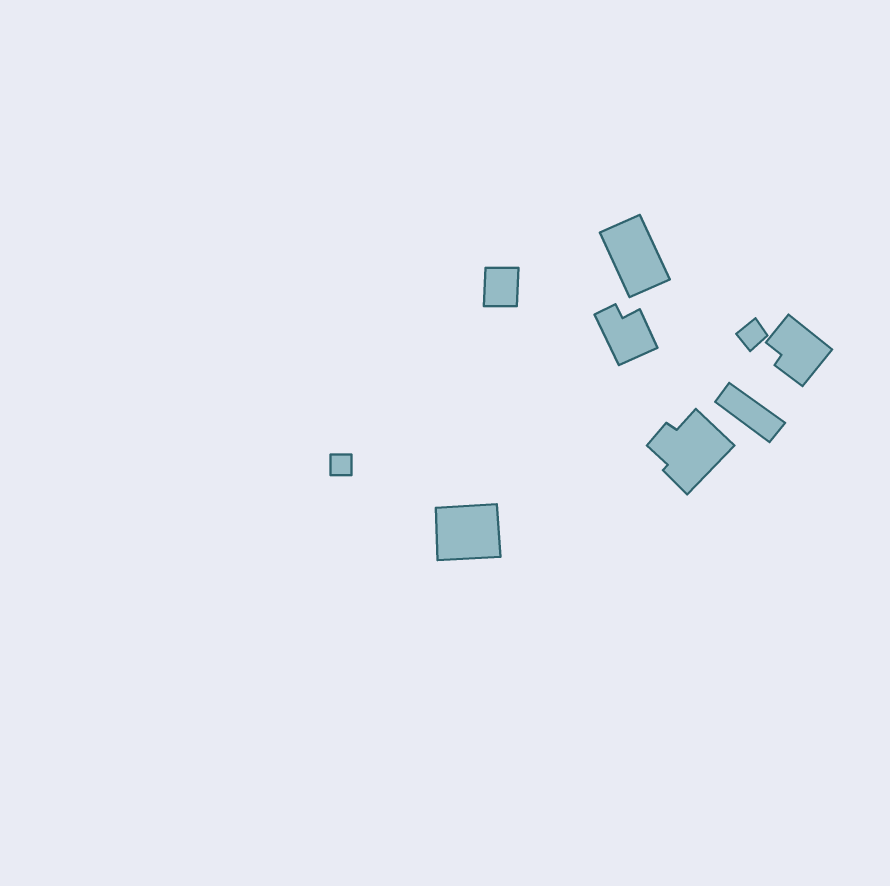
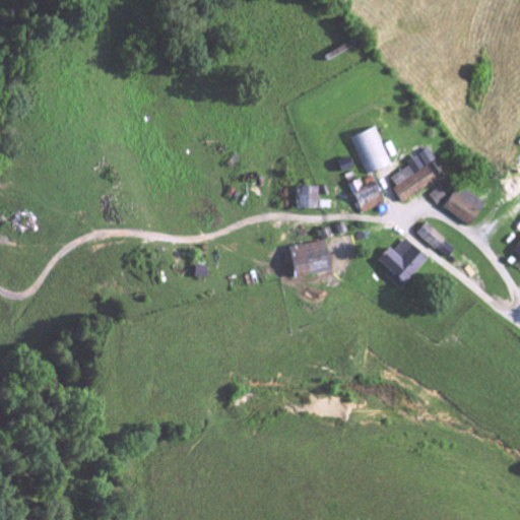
building: none -> [387,146,441,199]
building: [484,268,519,306] -> [299,185,319,207]
building: [436,504,500,560] -> [289,242,327,274]

